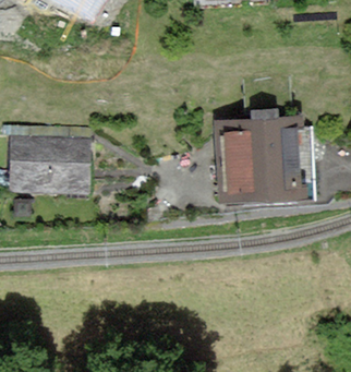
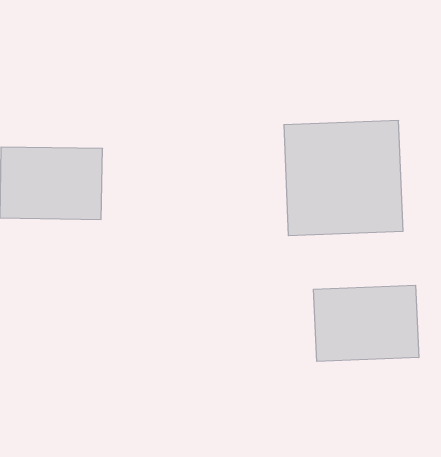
building: none -> [314,285,419,361]

